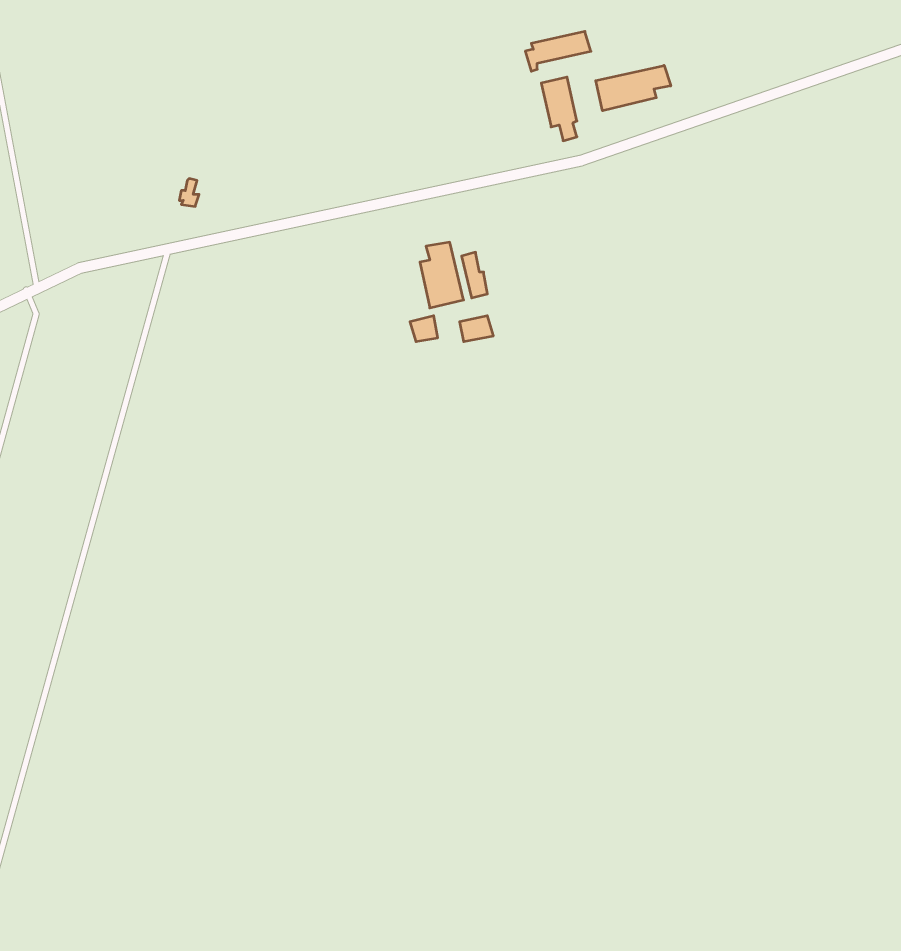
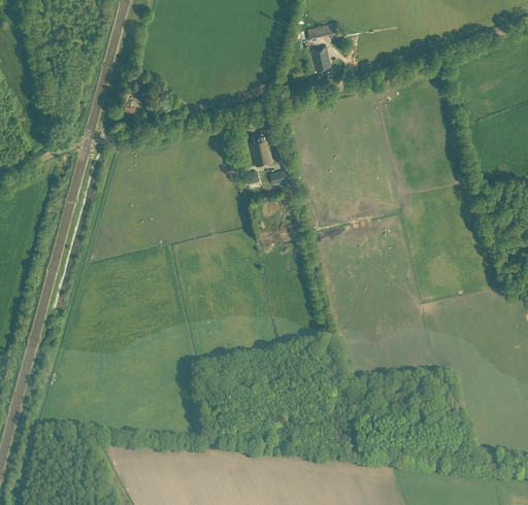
building: [596,65,671,111] -> none

